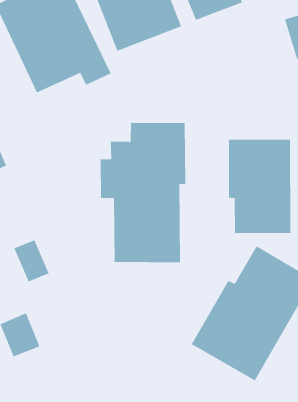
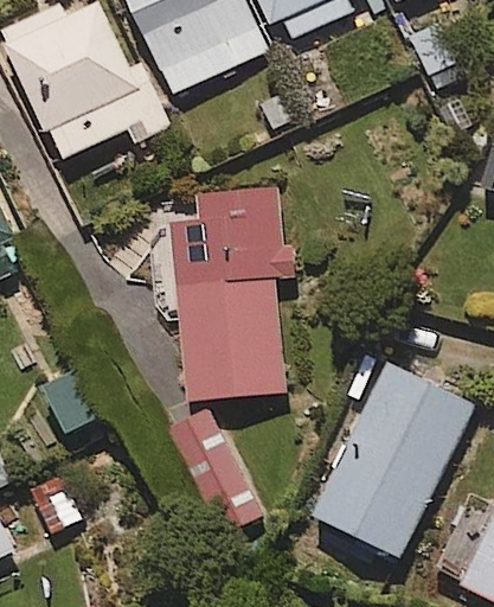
building: [228,139,291,234] -> none

